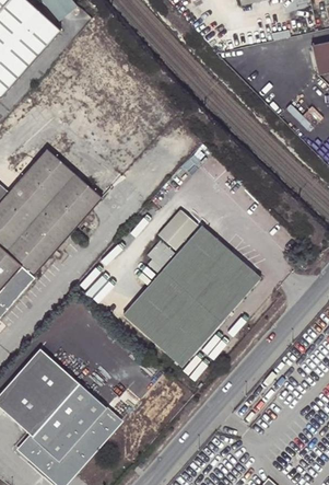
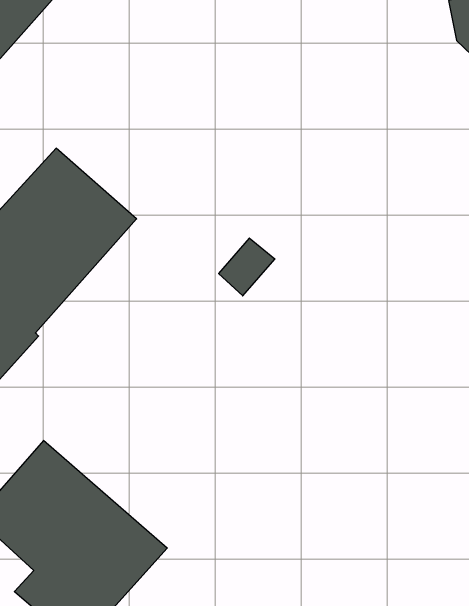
building: [122,224,259,366] -> none

